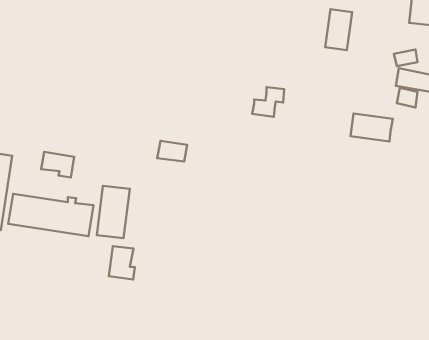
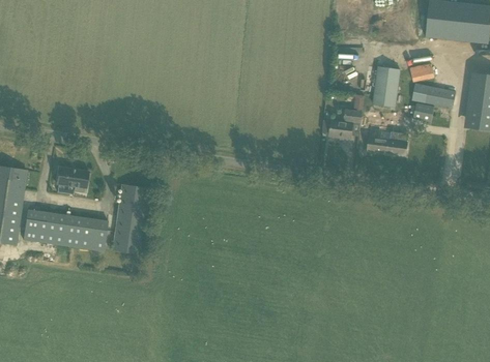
building: [325,9,352,50] -> [373,66,400,108]
building: [252,87,284,117] -> [329,109,362,139]
building: [157,141,187,161] -> [118,183,148,204]
building: [109,246,135,280] -> none

